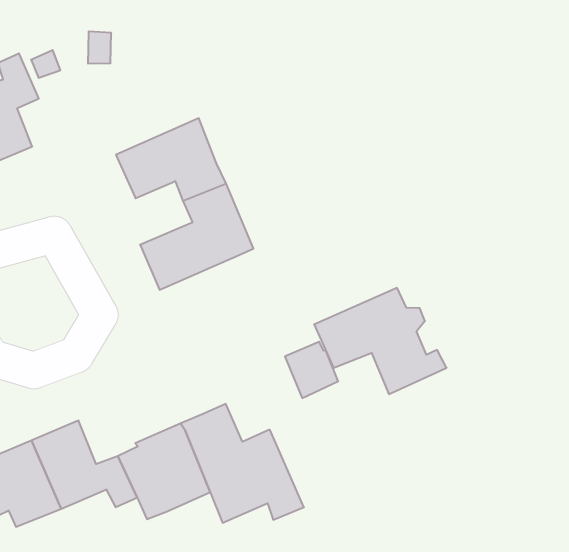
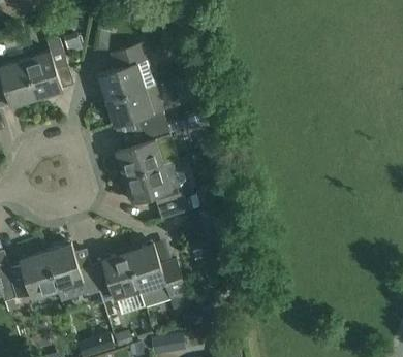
building: none -> [98,44,154,101]
building: [314,288,447,394] -> [123,162,193,220]

